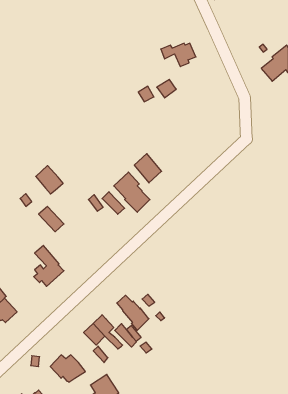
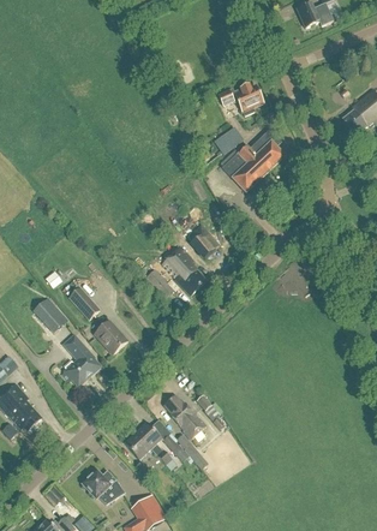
building: none -> [219,132,283,192]
building: [36,166,63,194] -> [35,297,68,332]
building: none -> [94,322,127,356]

